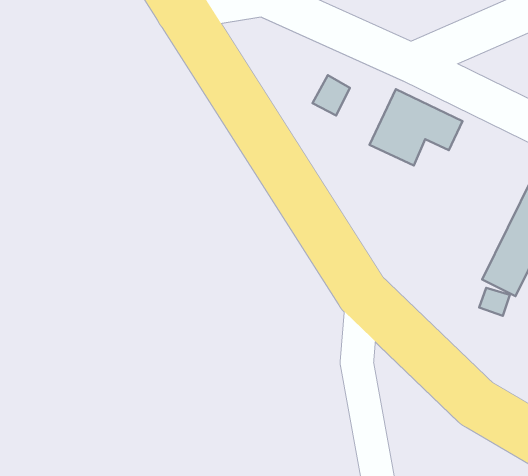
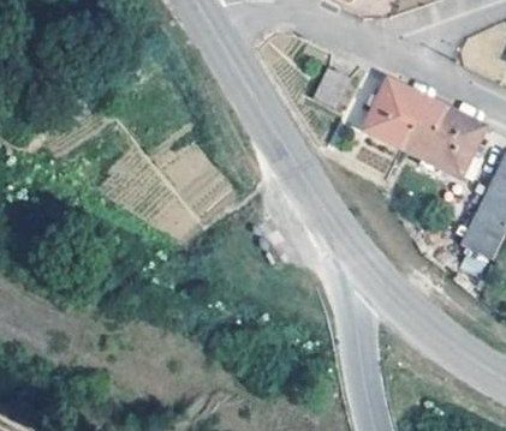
building: none -> [403,107,482,173]

